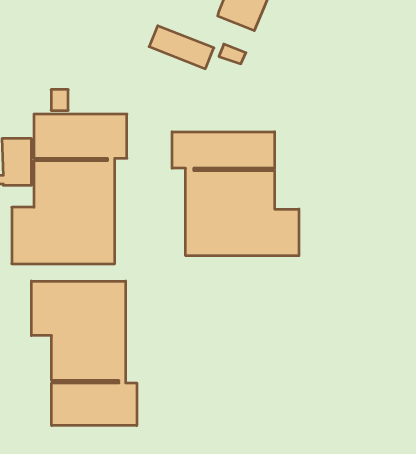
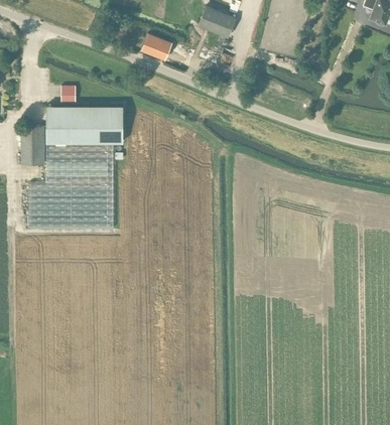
building: [172,132,299,256] -> none
building: [31,281,137,426] -> none

